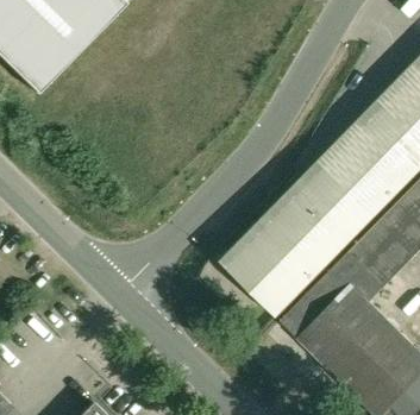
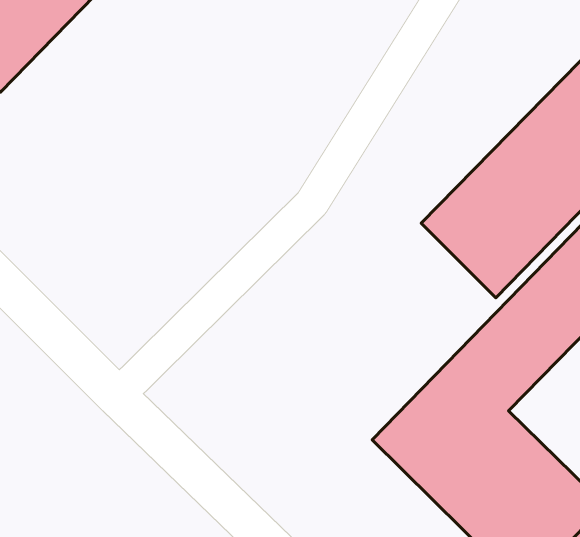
building: [226,178,361,314] -> none

